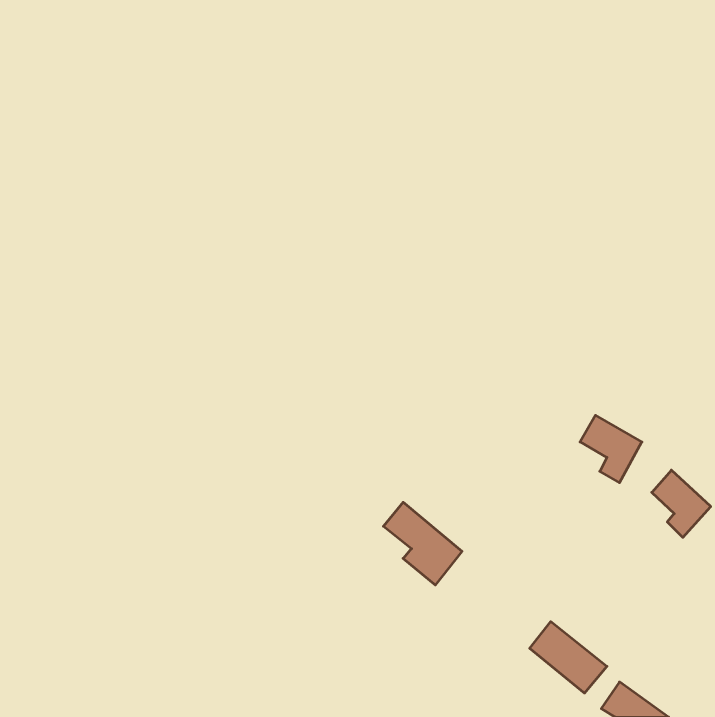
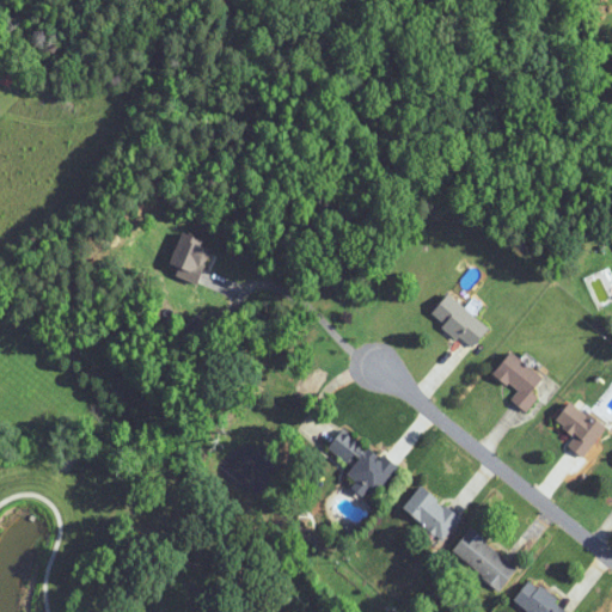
building: none -> [170,232,212,283]
building: none -> [429,294,486,350]
building: none -> [402,486,459,540]

